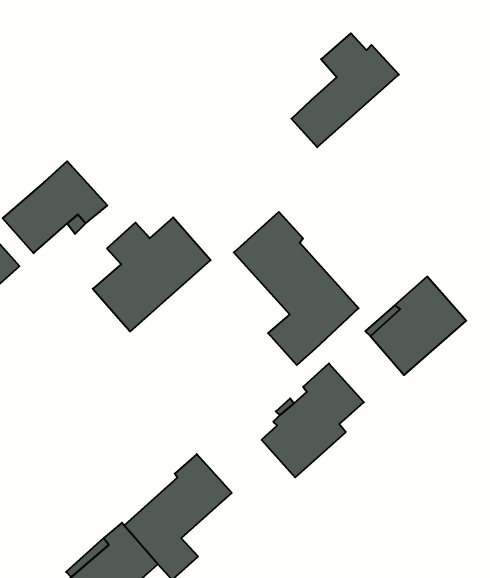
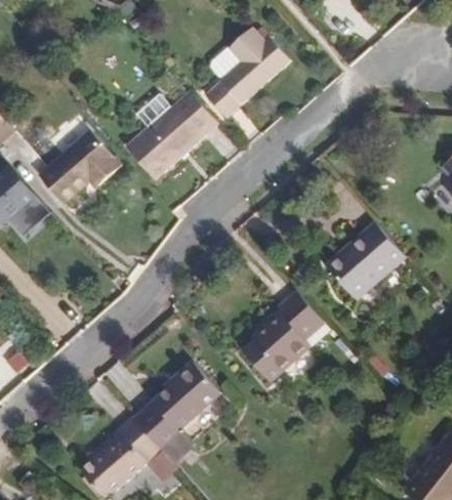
building: [291,33,399,147] -> [205,28,290,118]
building: [234,212,359,365] -> none
building: [93,217,211,331] -> [125,90,218,180]

